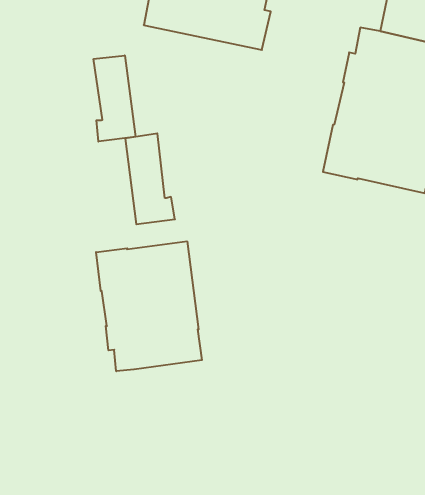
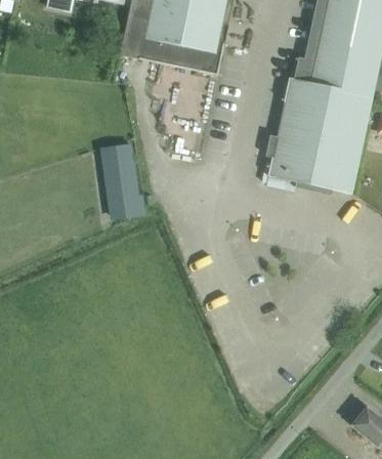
building: [94,55,135,142] -> none
building: [96,241,202,371] -> none

